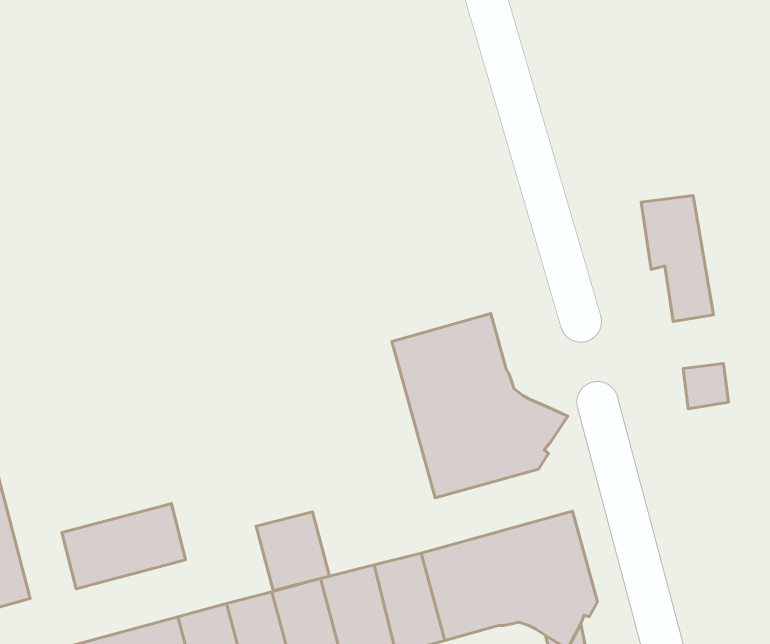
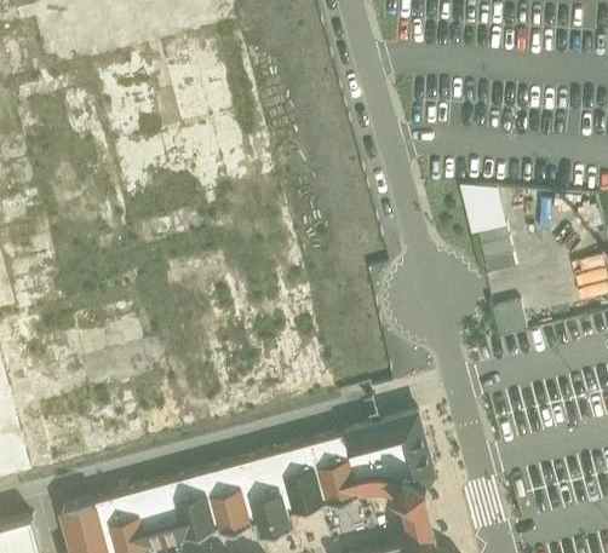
building: [392,313,568,498] -> none
building: [62,503,186,589] -> none
building: [256,512,329,591] -> none

